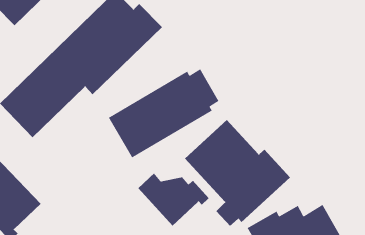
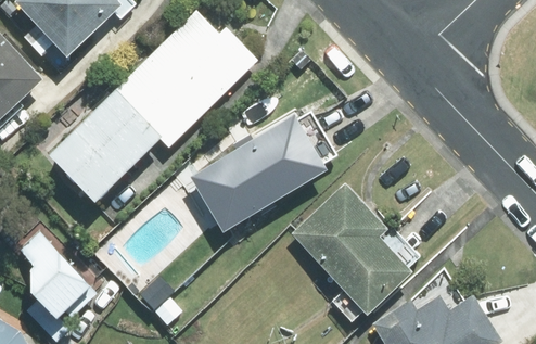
building: [137,173,210,227] -> none

